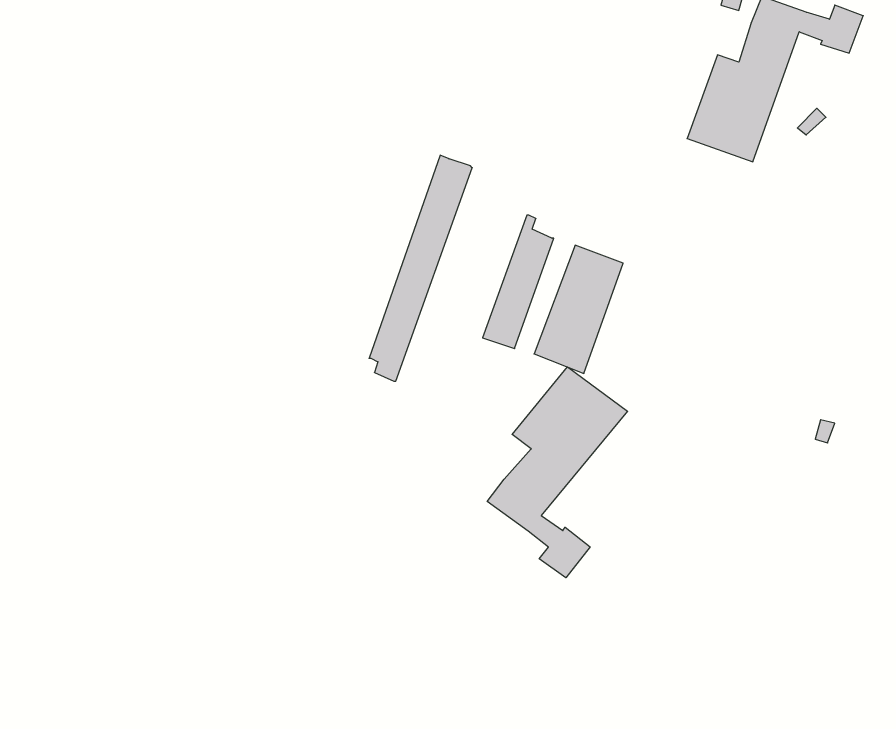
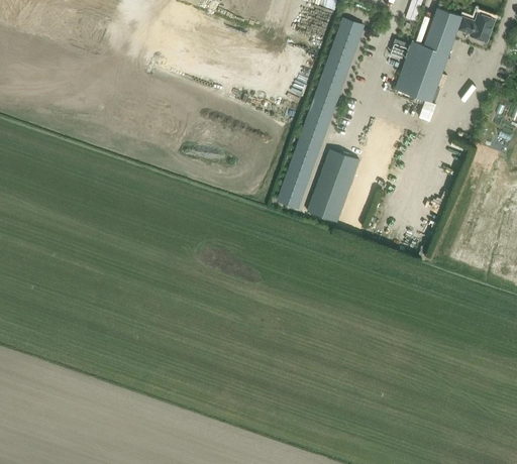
building: [369,155,472,381] -> [303,17,361,145]
building: [487,367,628,578] -> none

